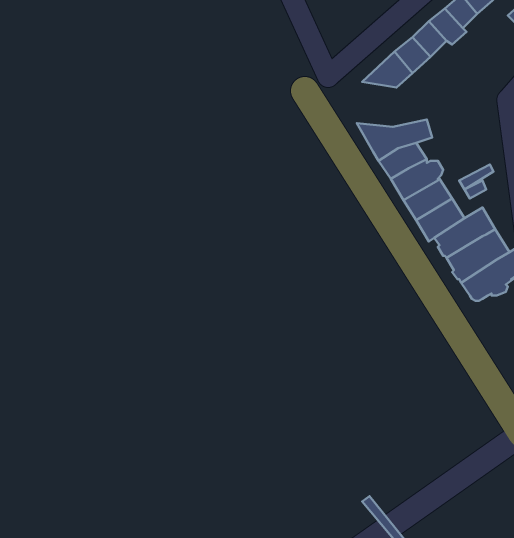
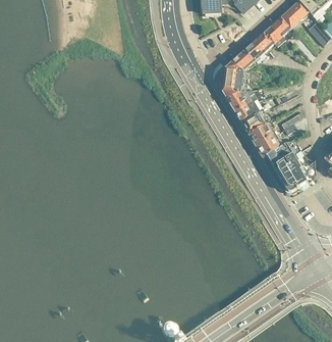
building: none -> [222,67,244,93]

